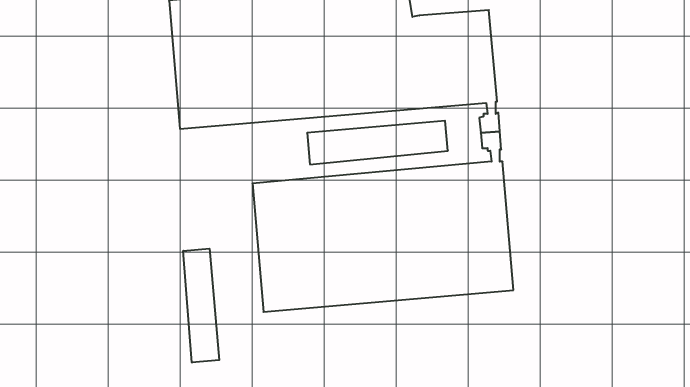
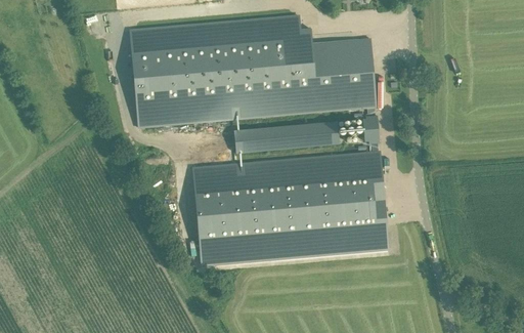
building: [183,249,219,363] -> none

